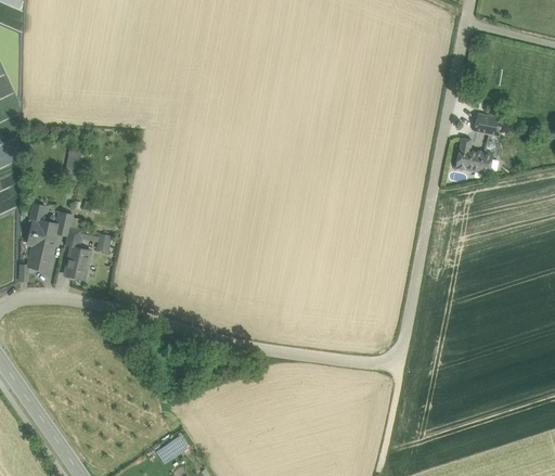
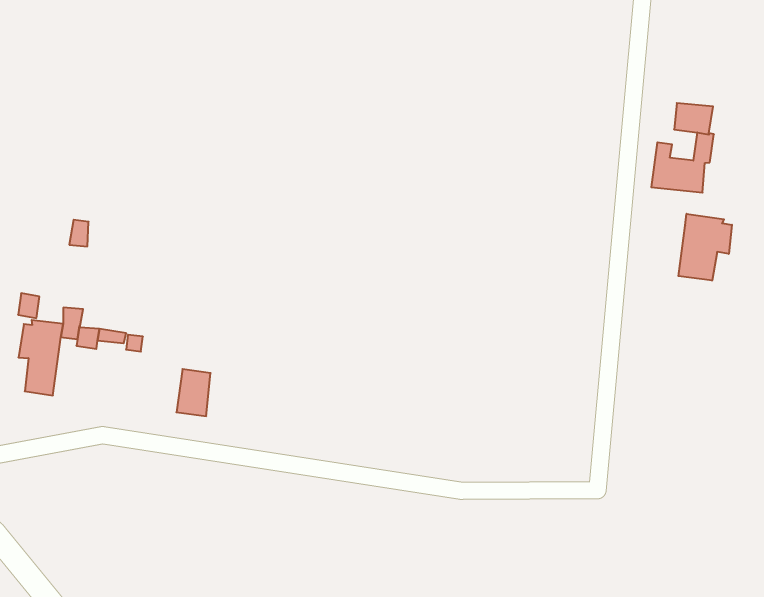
building: none -> [678,214,732,281]
building: [65,246,90,279] -> [176,369,211,416]

